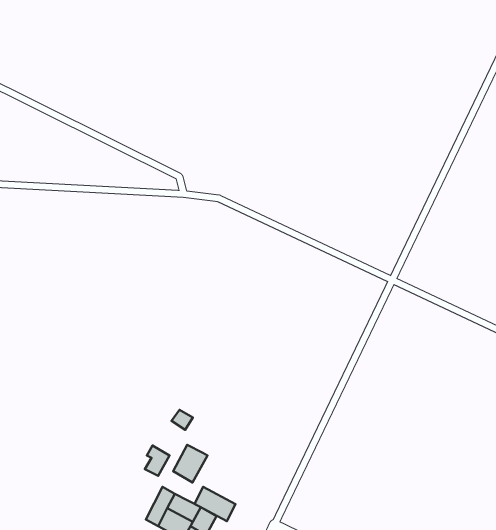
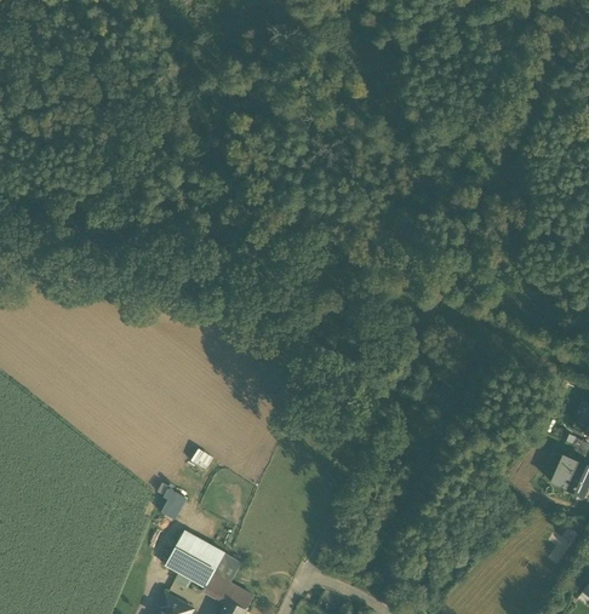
building: [173,445,208,482] -> none
building: [194,487,235,521] -> none

